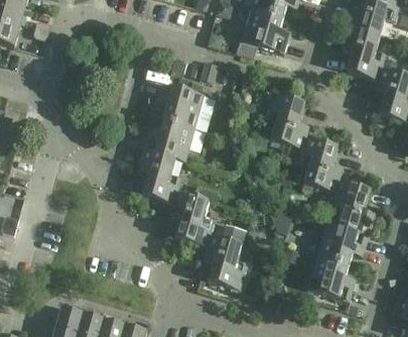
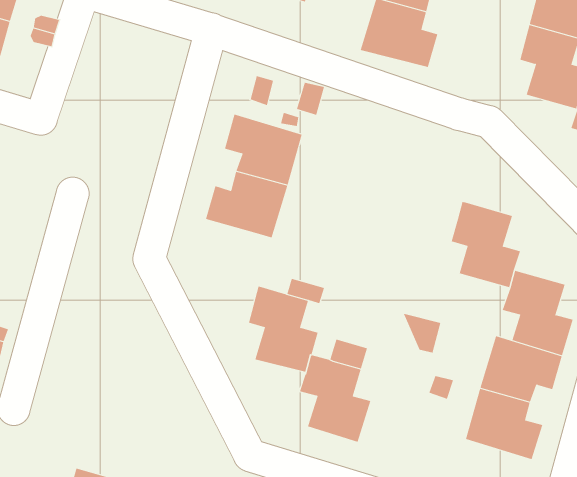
building: [265,94,309,149] -> none
building: [137,149,181,204] -> none

